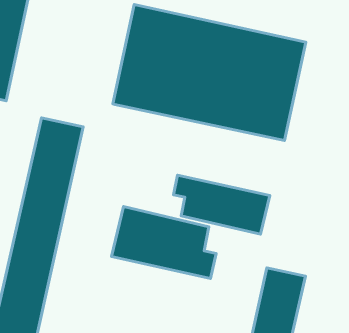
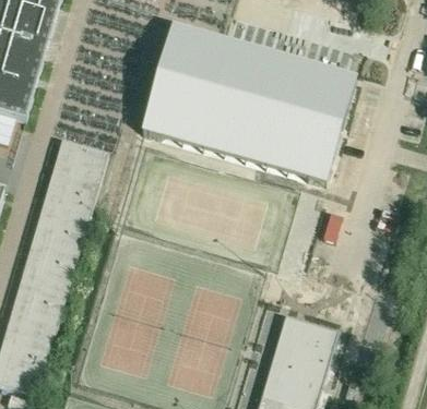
building: [173,175,270,234] -> none
building: [112,207,216,279] -> none

